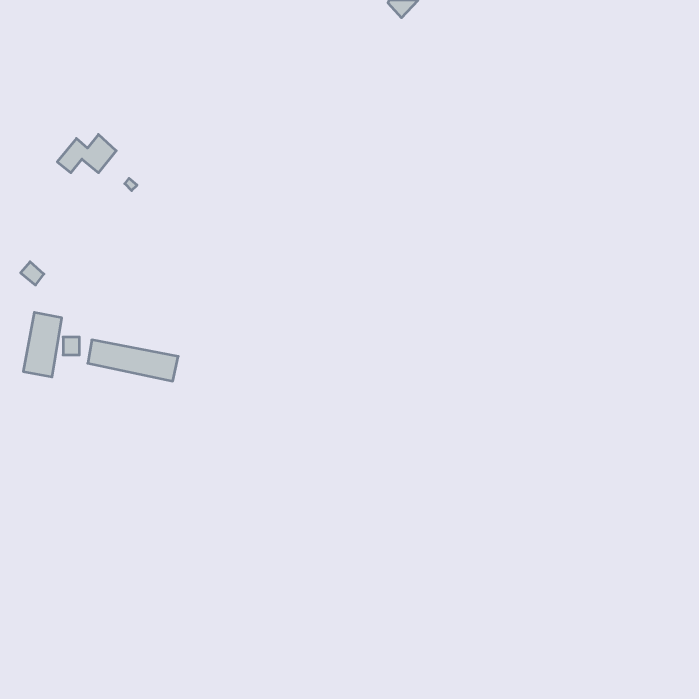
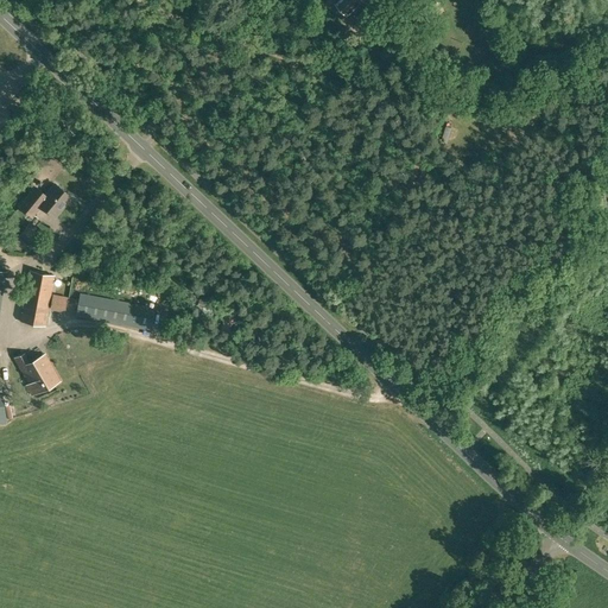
building: [57,134,116,173] -> [20,184,71,217]
building: none -> [15,354,61,397]

